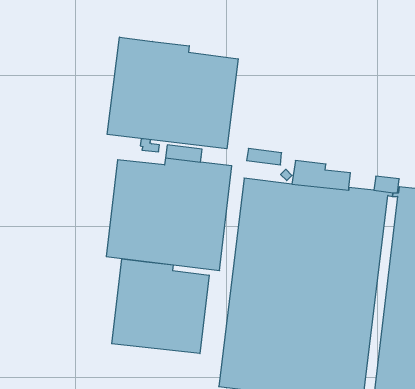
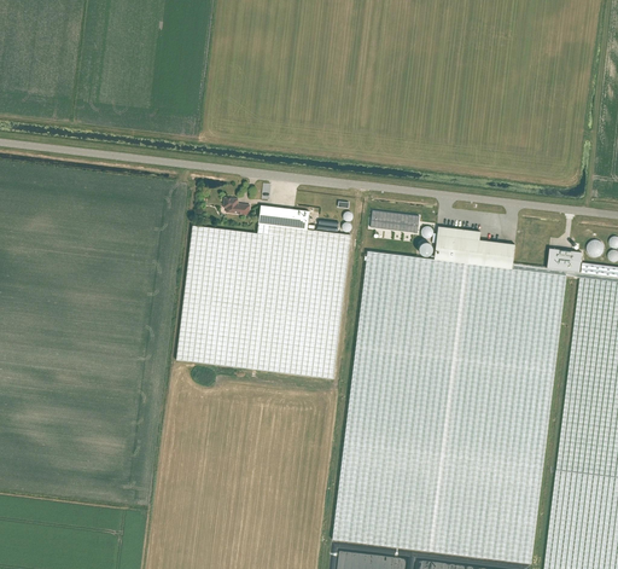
building: [107,37,238,149] -> none
building: [112,259,209,354] -> none

